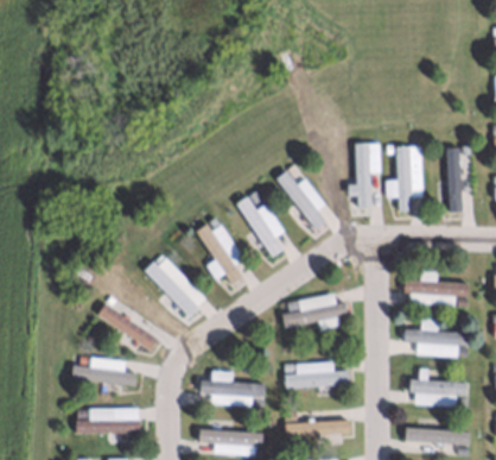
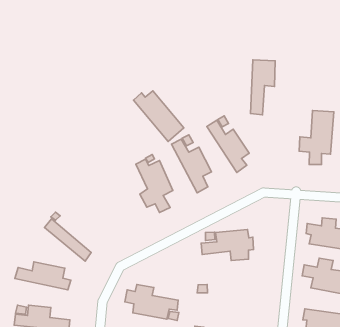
building: [355,143,383,207] -> [250,60,275,115]
building: [145,258,206,315] -> [133,91,184,141]
building: [286,361,349,389] -> none

